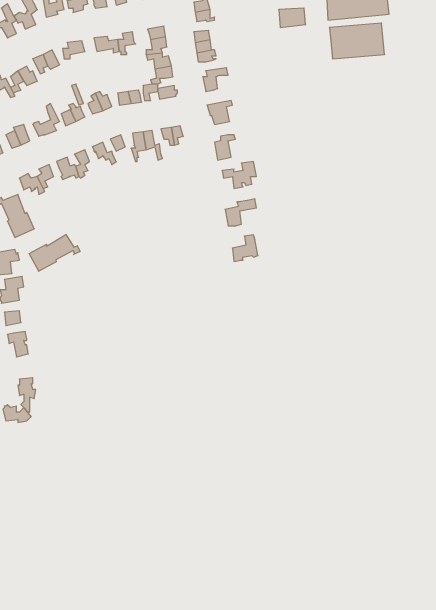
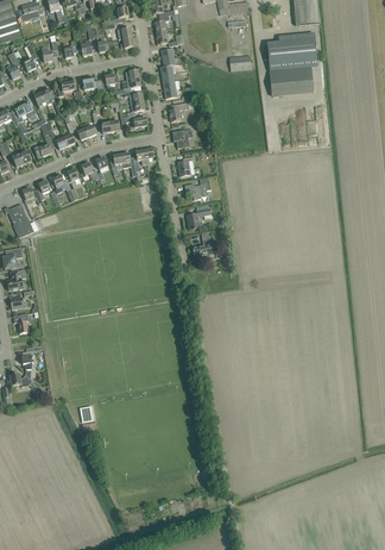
building: [29,234,80,271] -> none

